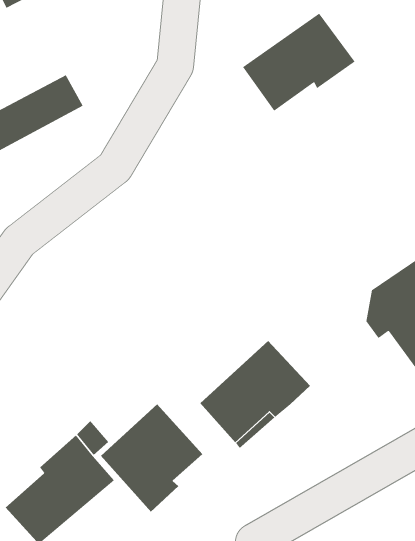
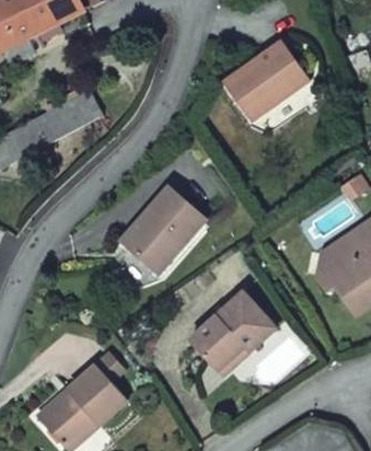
building: none -> [123,189,201,275]
building: [100,404,203,512] -> none

